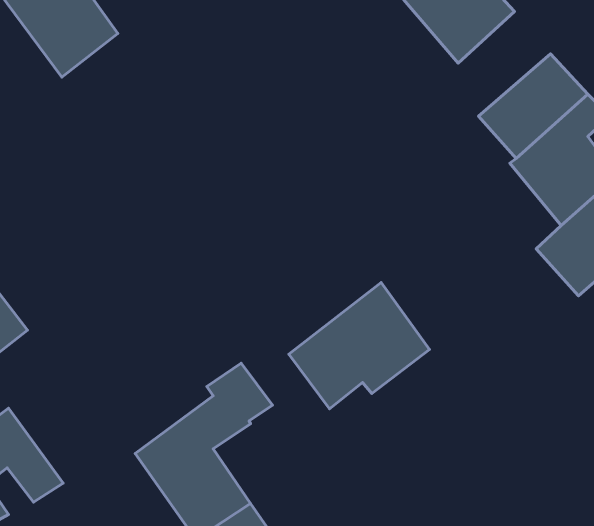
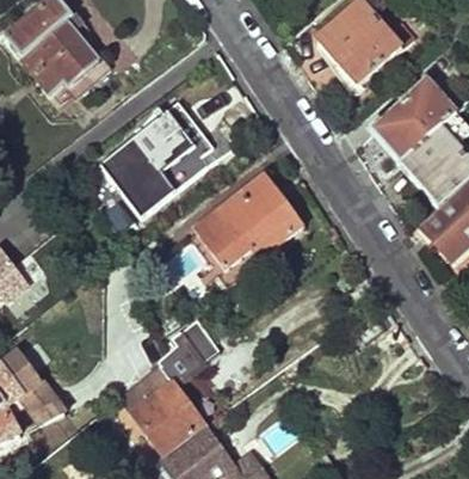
building: none -> [101,110,206,215]
building: [289,282,429,409] -> [196,172,303,269]

